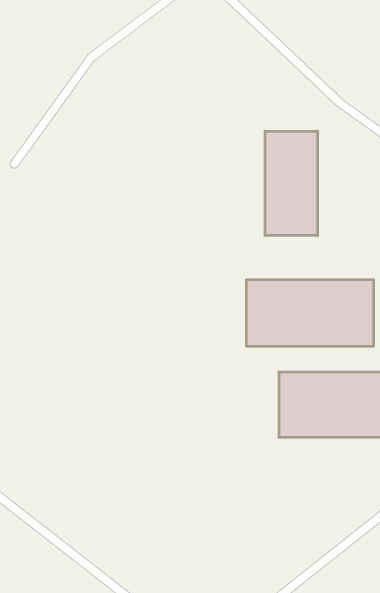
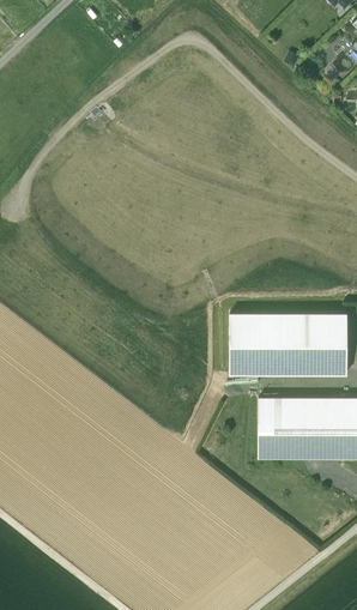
building: [265,131,318,236] -> none

